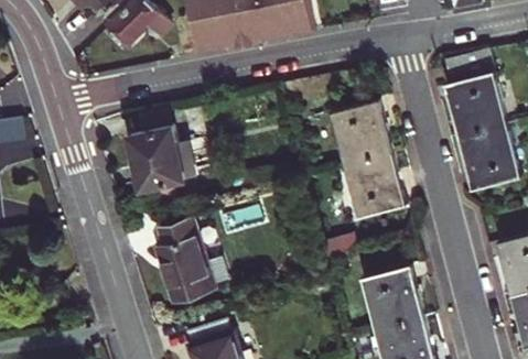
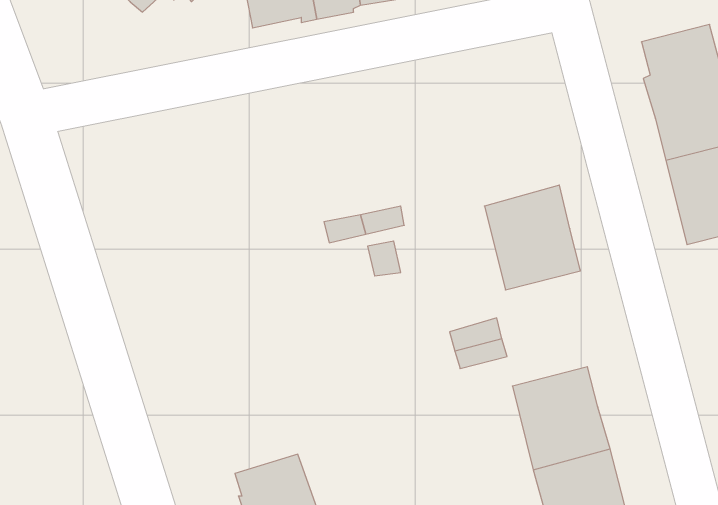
building: [330,100,391,165] -> none
building: [129,127,184,189] -> none
building: [157,218,228,302] -> none

